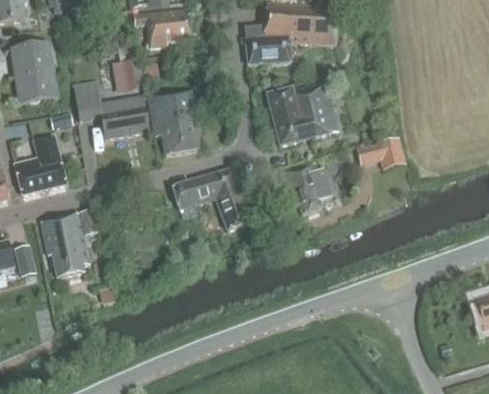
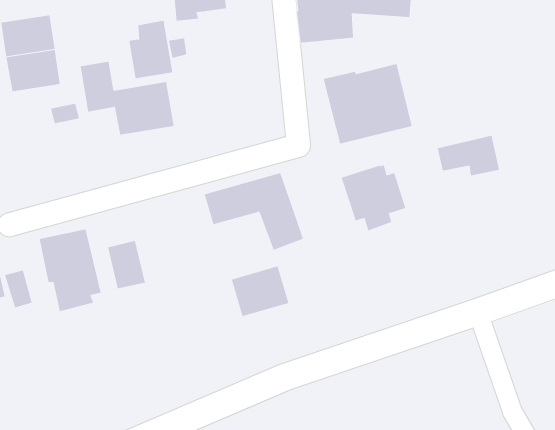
building: [147,88,200,153] -> none
building: [13,135,65,194] -> none
building: none -> [107,240,145,289]
building: none -> [231,266,289,317]

